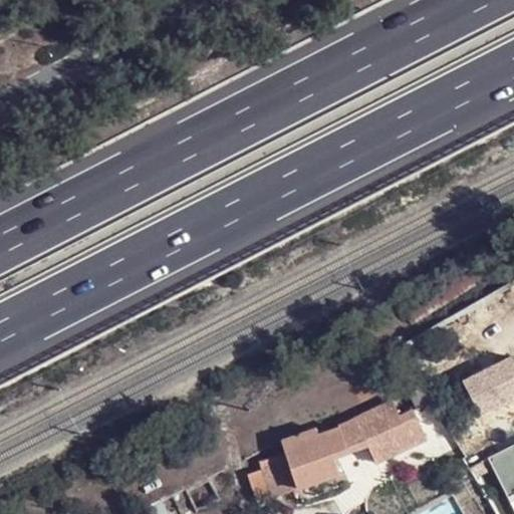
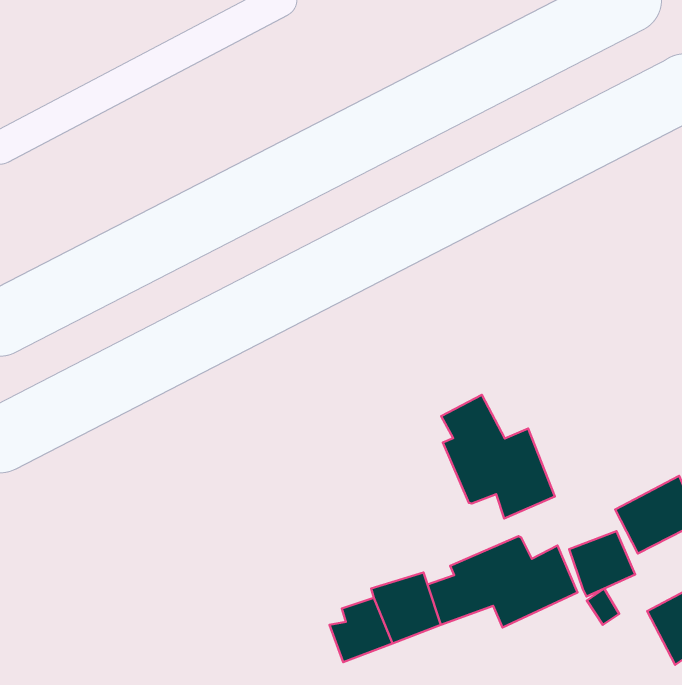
building: none -> [441,395,555,519]
building: none -> [569,531,635,597]

